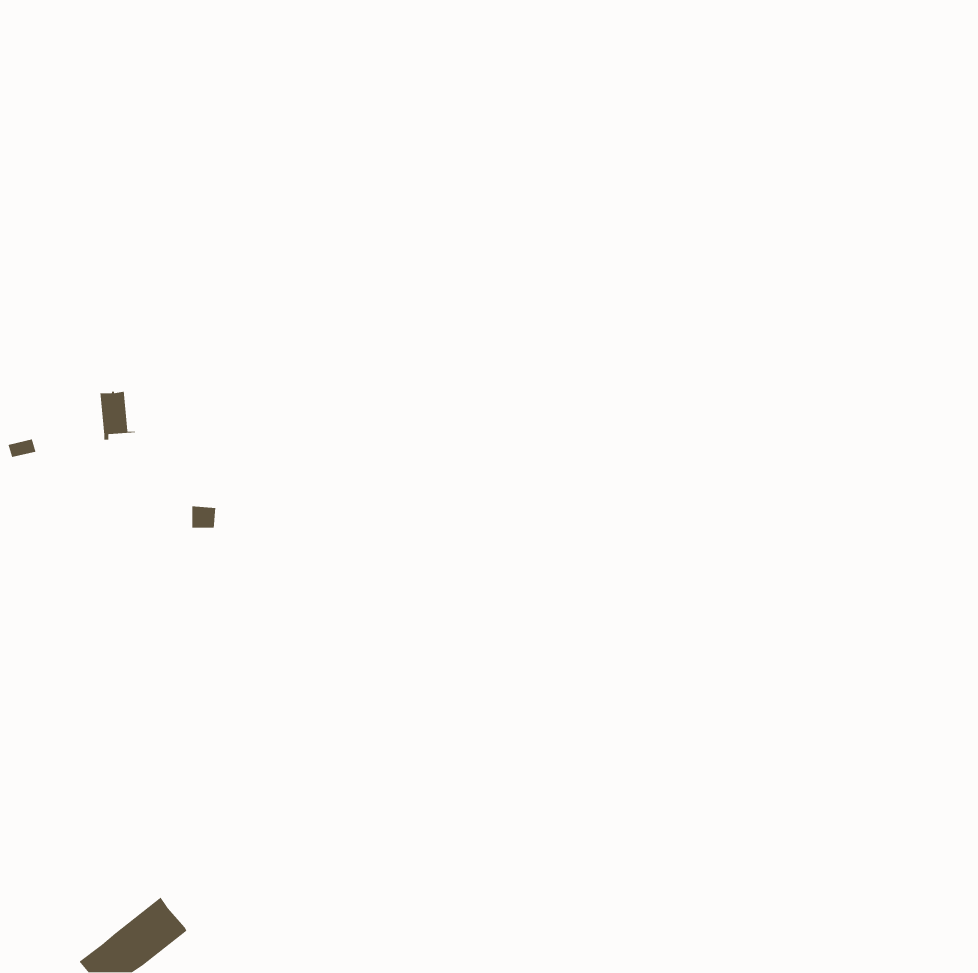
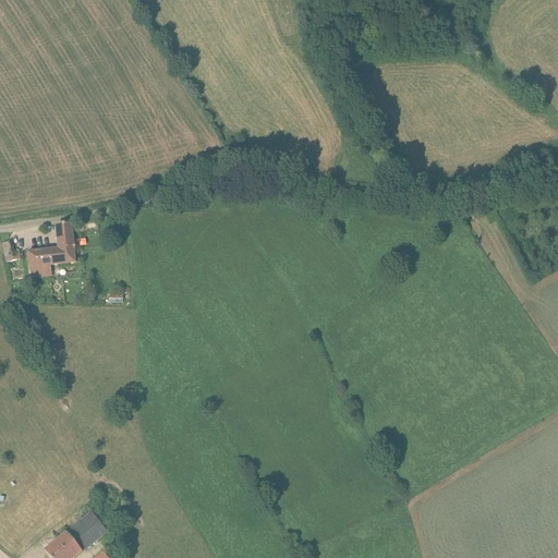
building: none -> [28,246,77,275]

